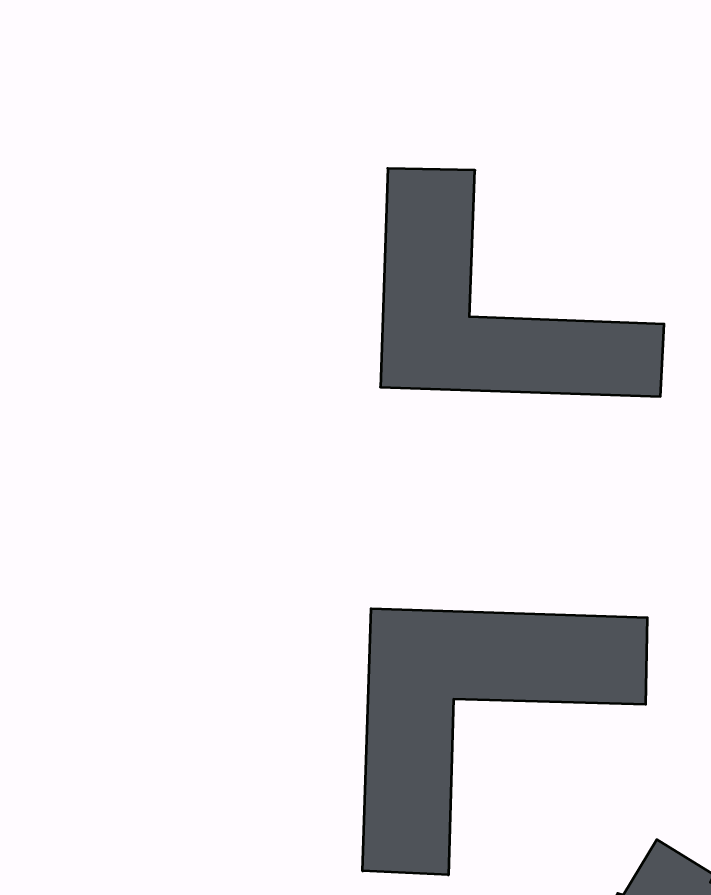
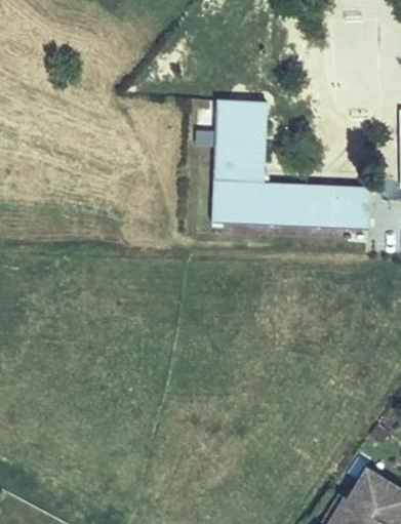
building: [363,609,647,875] -> none

